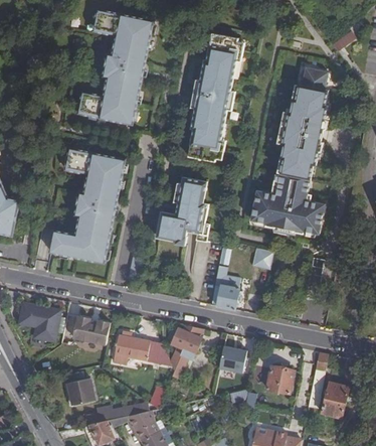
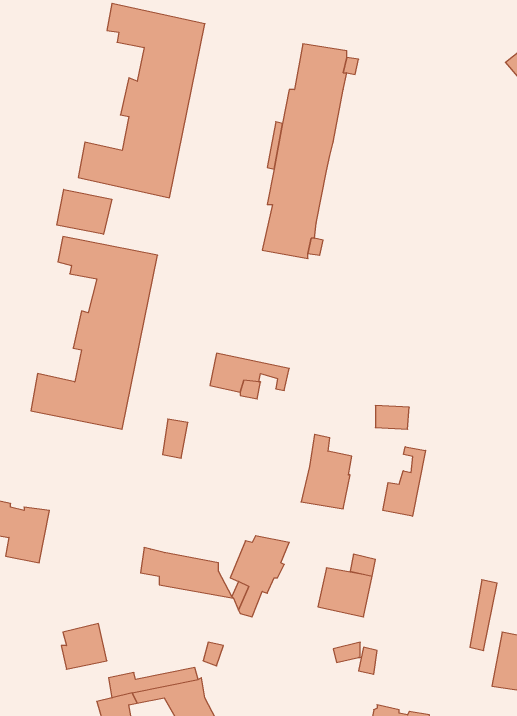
building: [250,67,328,235] -> none
building: none -> [57,189,112,234]
building: [160,177,208,227] -> none
building: none -> [383,447,426,516]
building: [72,317,110,346] -> none
building: [265,367,293,395] -> none

